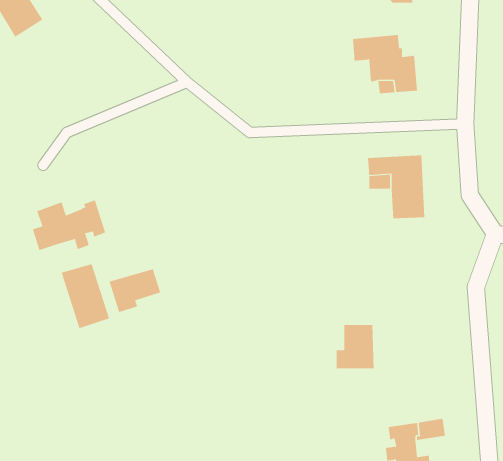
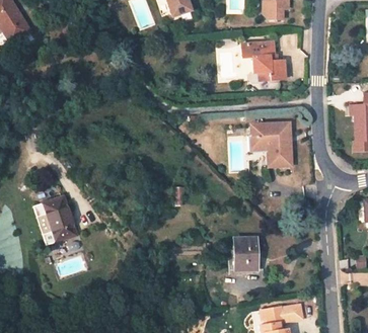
building: [32,199,106,251] -> none
building: [109,269,161,313] -> none

